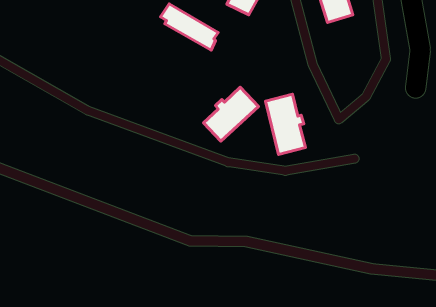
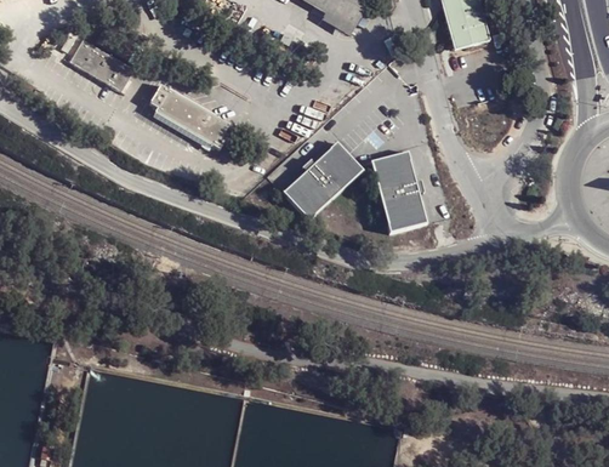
building: [160,4,218,50] -> [146,87,226,152]
building: none -> [67,40,131,93]

